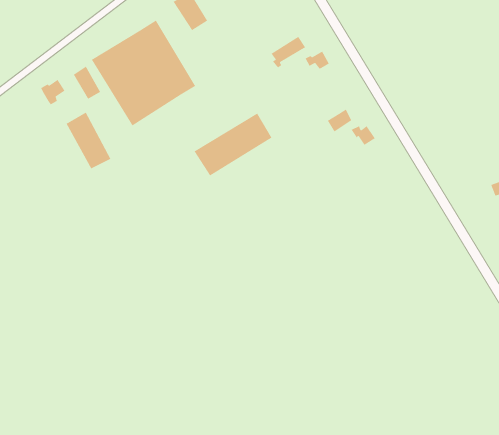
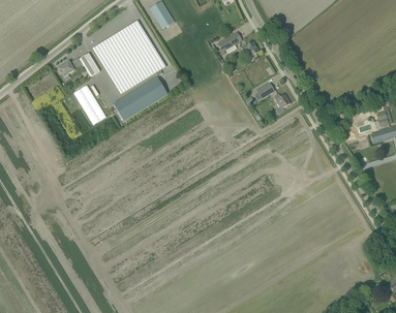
building: [194,112,272,176] -> [113,76,167,121]

